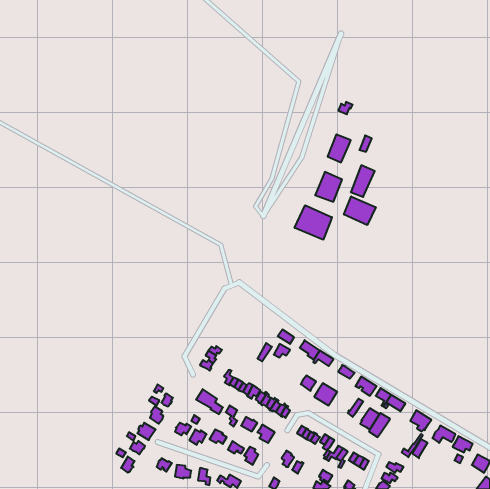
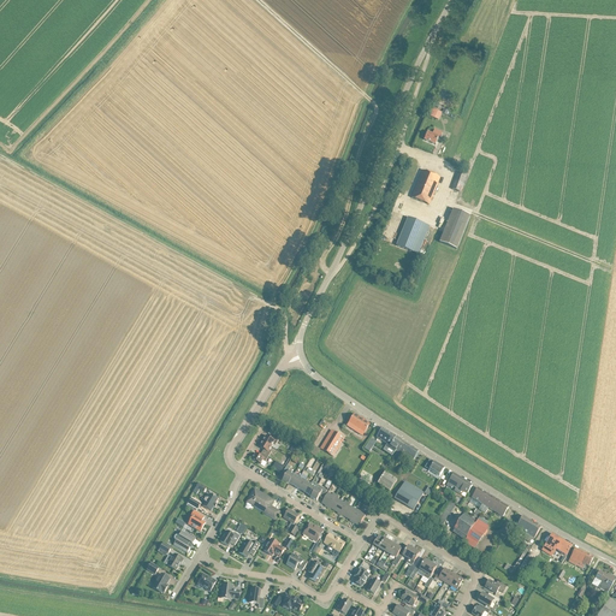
building: [344,196,376,225] -> none
building: [295,205,332,240] -> none

